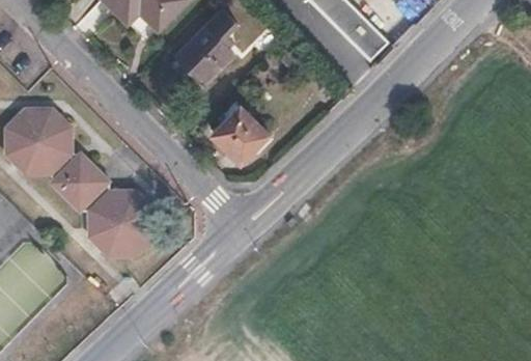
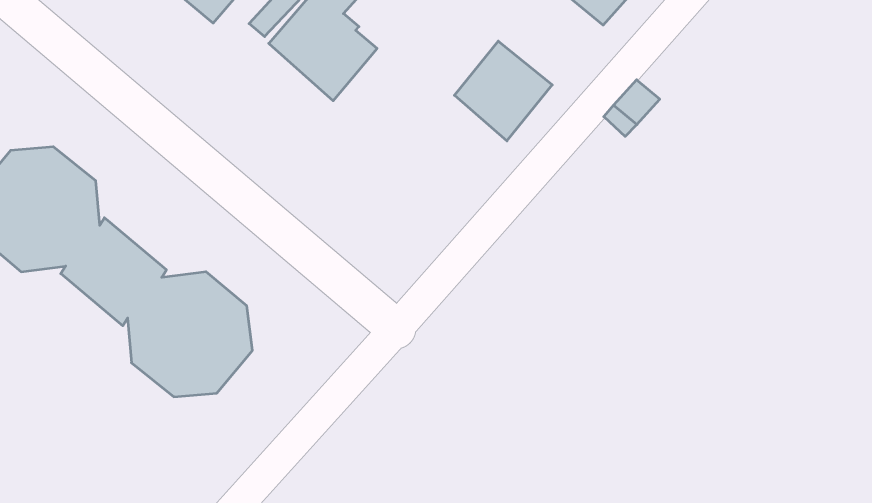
building: [216,106,273,164] -> [454,41,552,141]

